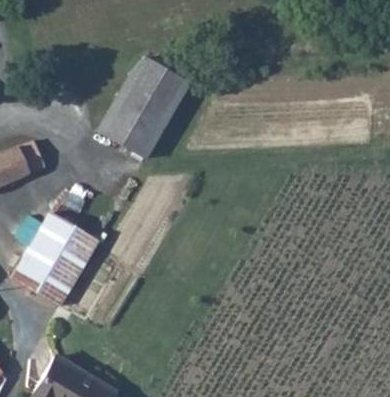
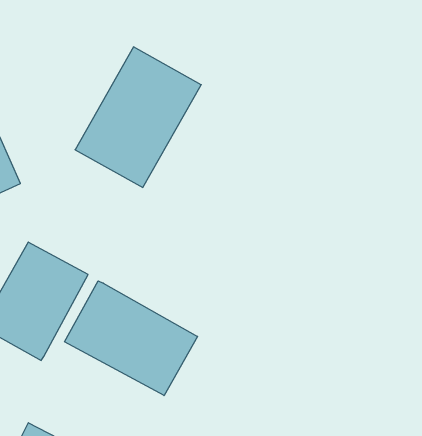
building: none -> [65,281,198,396]

